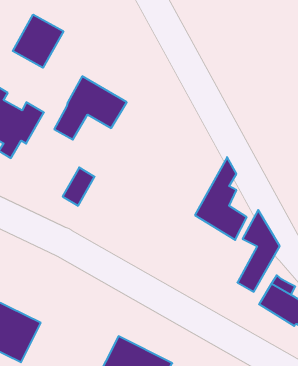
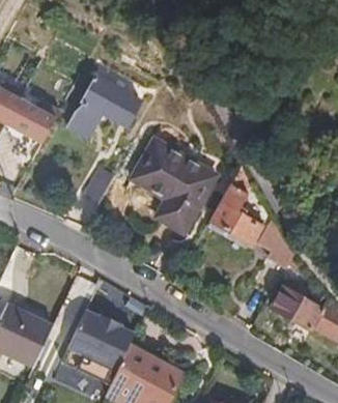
building: [13,15,63,68] -> none
building: none -> [125,144,210,236]
building: none -> [72,304,139,365]

